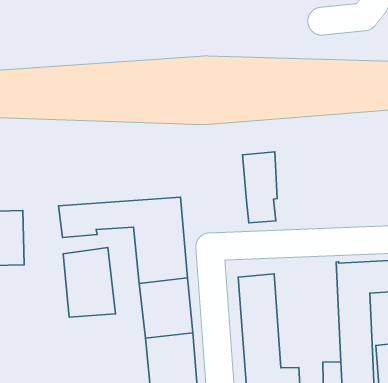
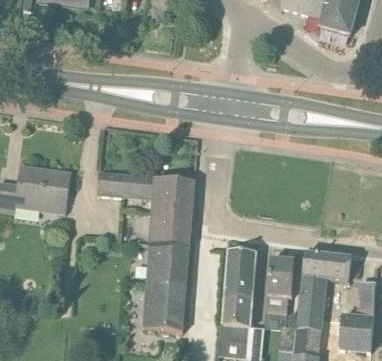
building: [243,152,277,223] -> [266,258,295,313]
building: [63,248,115,317] -> none

